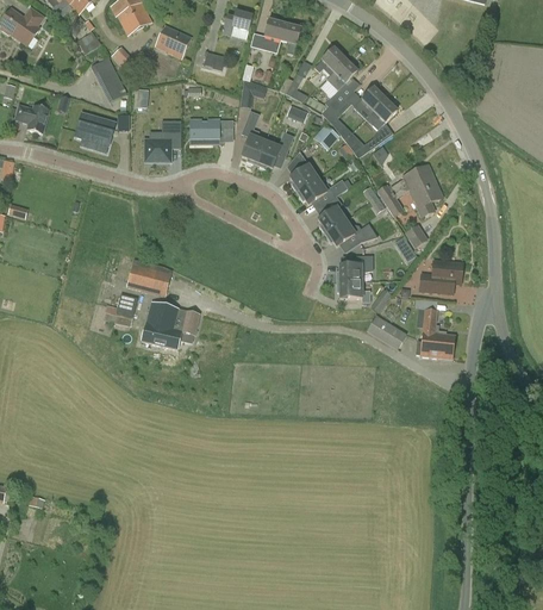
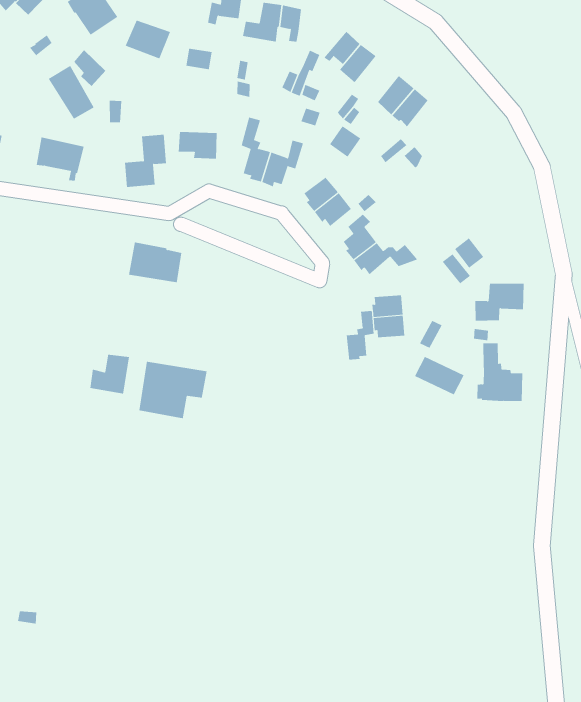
building: [376,166,442,217] -> none
building: [126,261,171,297] -> [128,242,182,283]
building: none -> [346,310,374,361]

